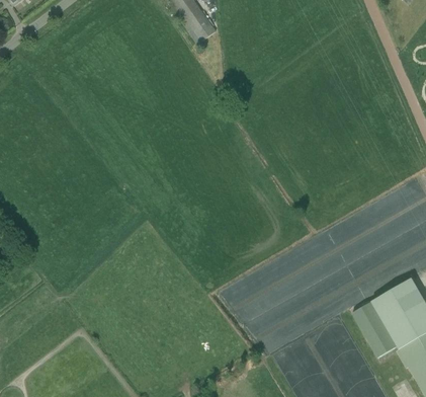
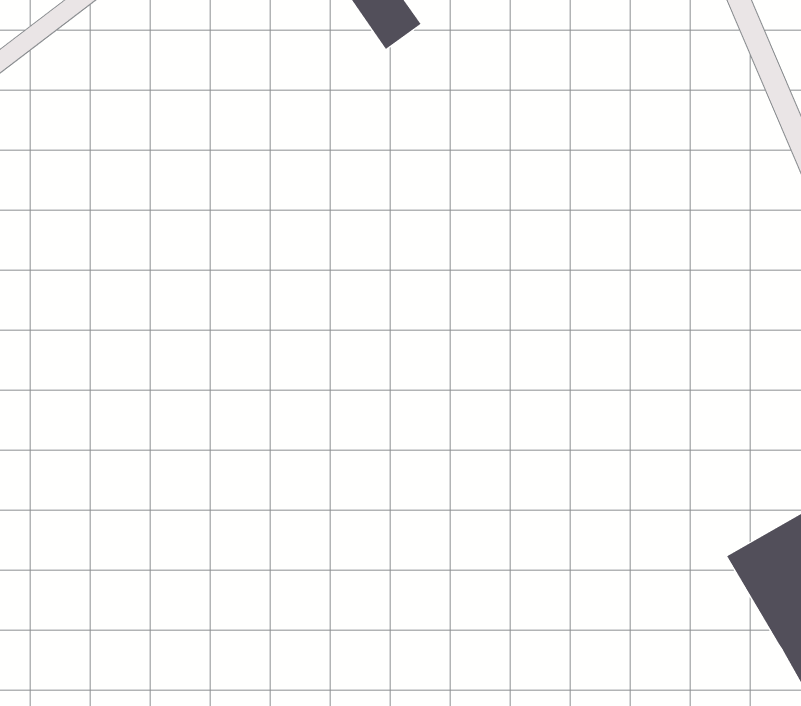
building: [353,301,398,356] -> none

